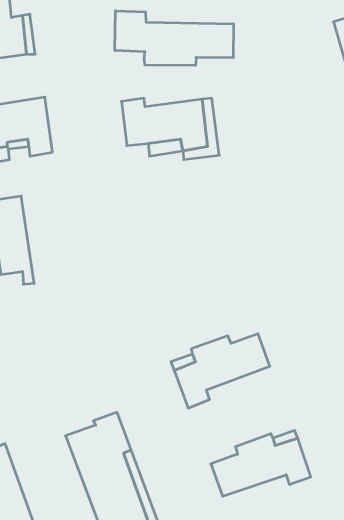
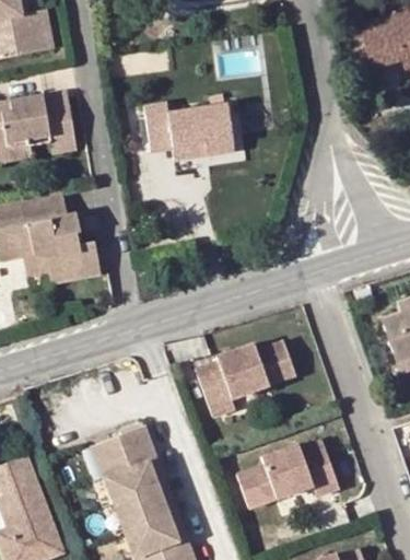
building: [115,11,233,65] -> none
building: none -> [44,198,96,289]

